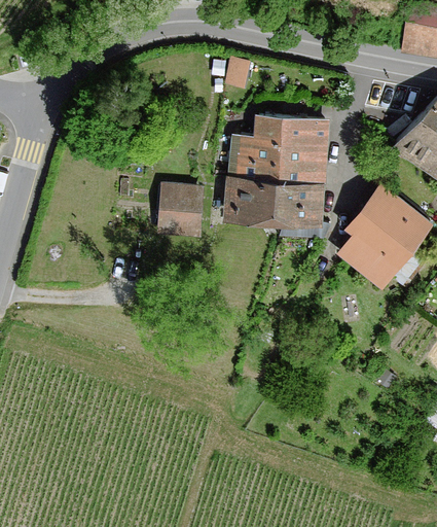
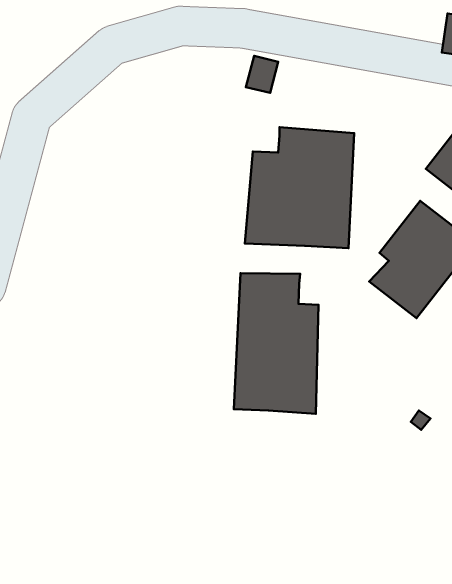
building: [161,184,202,234] -> none
building: none -> [234,273,318,414]

